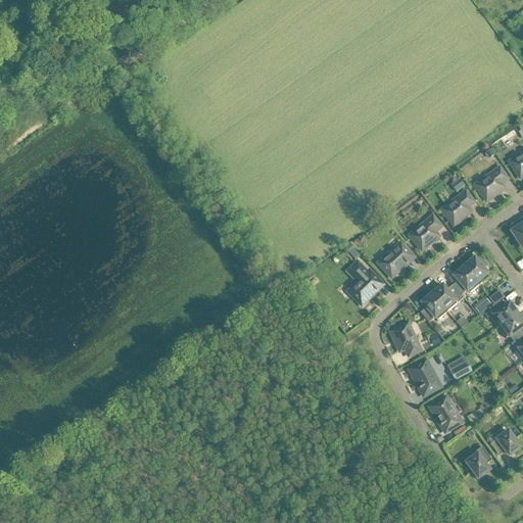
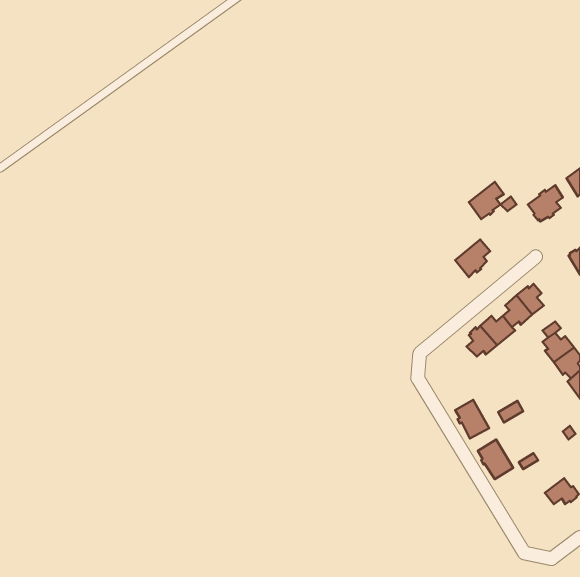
building: [442,190,474,224] -> [469,182,504,219]
building: [378,242,414,276] -> none
building: [345,257,383,304] -> none
building: [390,322,421,354] -> none
building: [467,445,492,478] -> none

